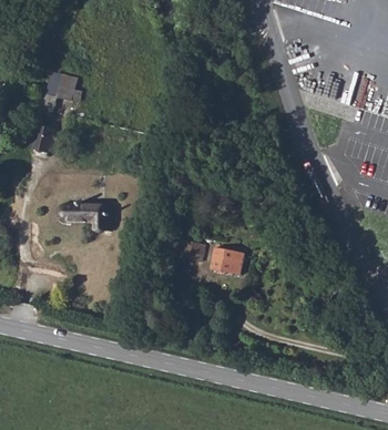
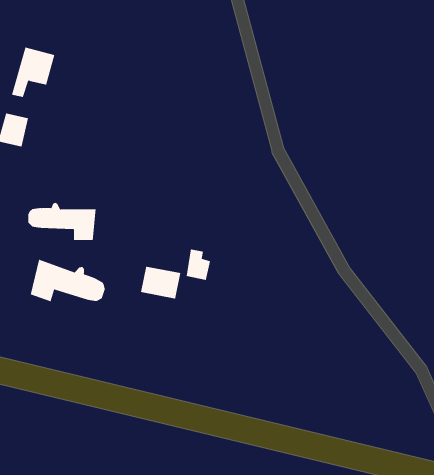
building: none -> [30,259,105,302]
building: [210,247,243,274] -> [140,266,181,299]

